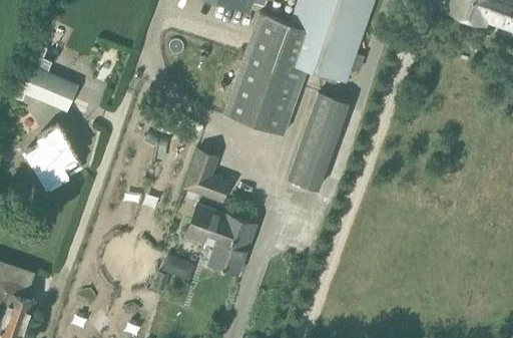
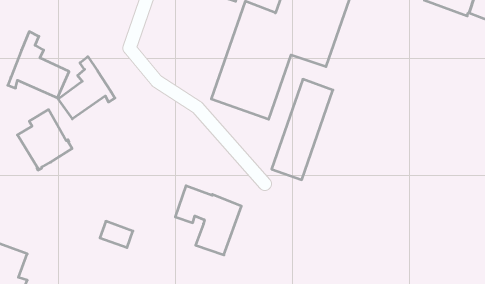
building: none -> [58,57,115,119]
building: [182,148,230,204] -> none
building: [161,255,195,282] -> [100,221,133,248]

